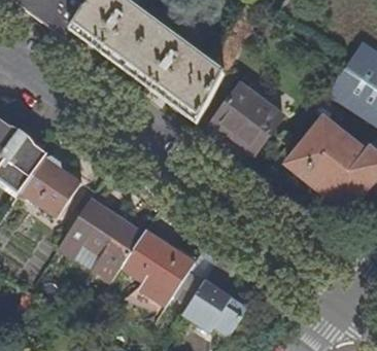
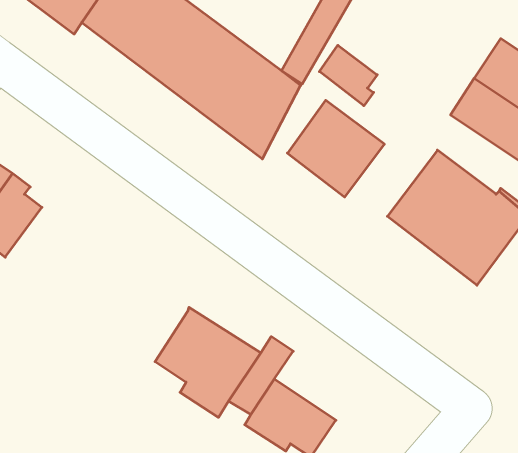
building: none -> [319,45,377,106]
building: [21,155,80,216] -> none
building: [60,197,144,280] -> none

